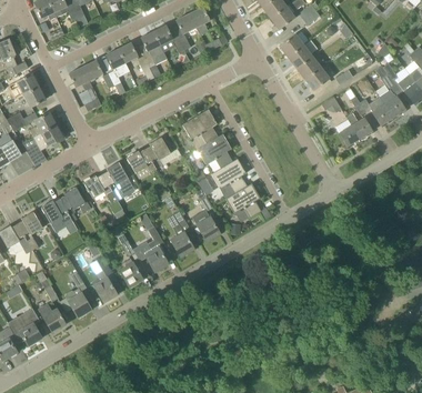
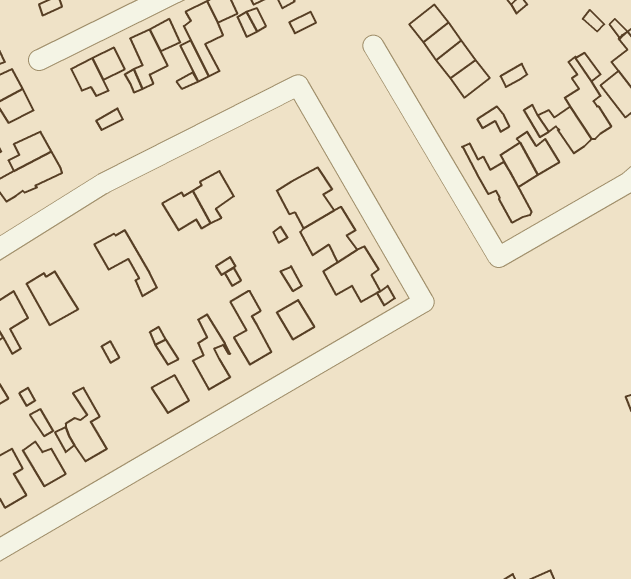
building: [182,109,218,143] -> none
building: none -> [462,143,531,223]
building: [102,162,128,200] -> none
building: [59,187,91,215] -> none
building: [89,255,117,302] -> none

